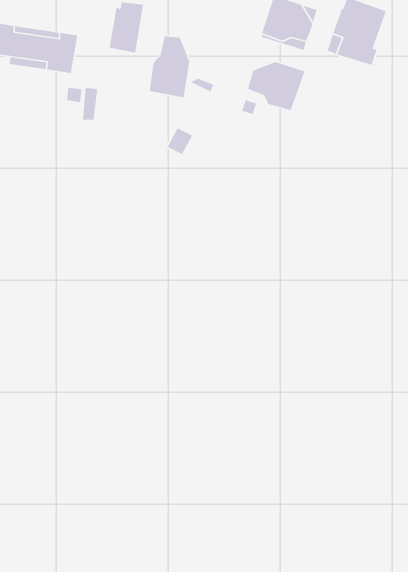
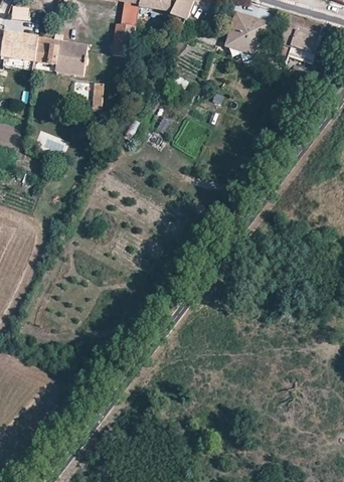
building: [149,35,190,98] -> none
building: [247,61,306,111] -> none

